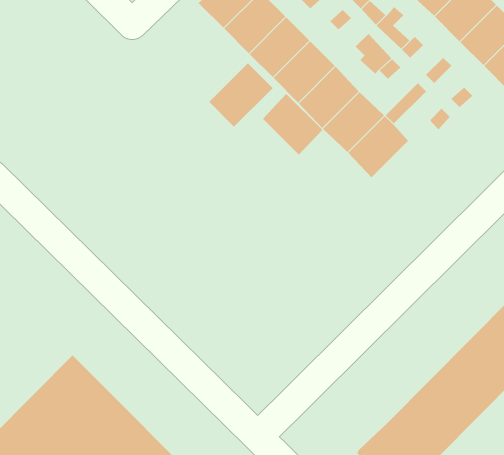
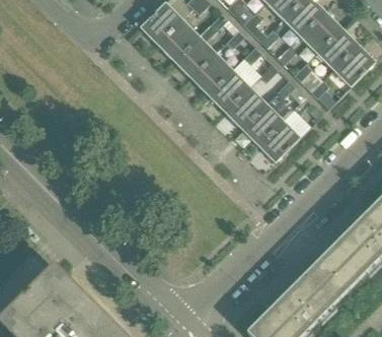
building: [209,63,273,127] -> none
building: [262,93,323,156] -> none
building: none -> [257,120,300,162]

